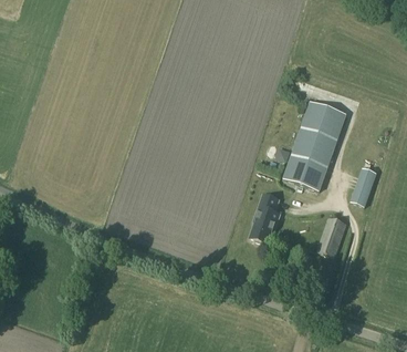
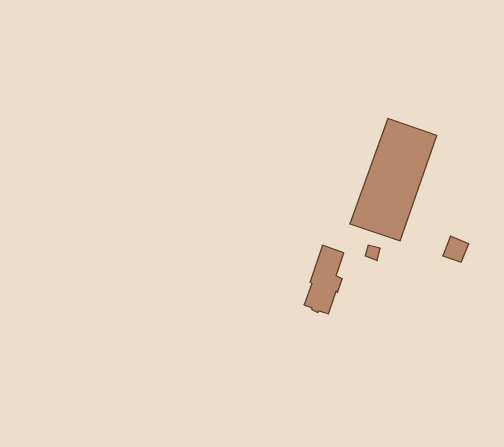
building: [317,217,346,257] -> none

